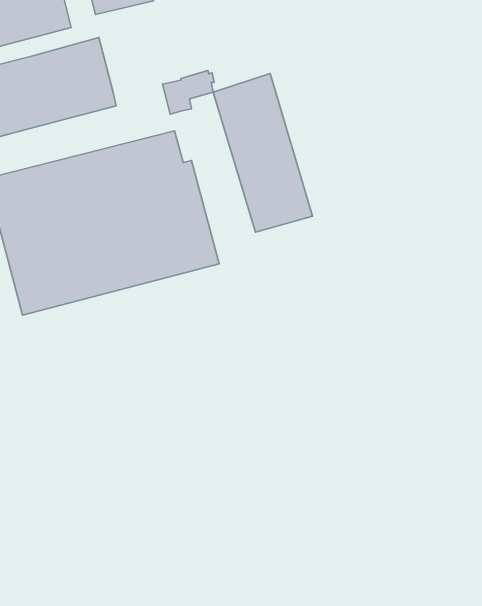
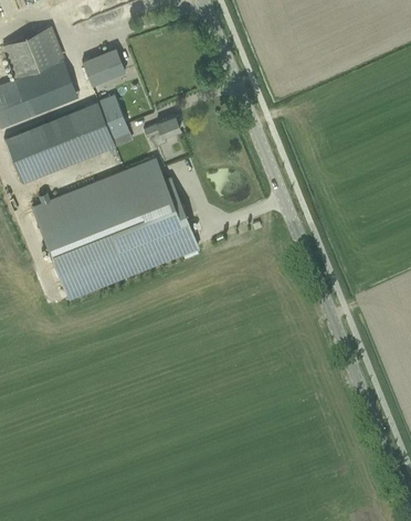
building: none -> [97,96,129,139]
building: [213,74,312,232] -> none

